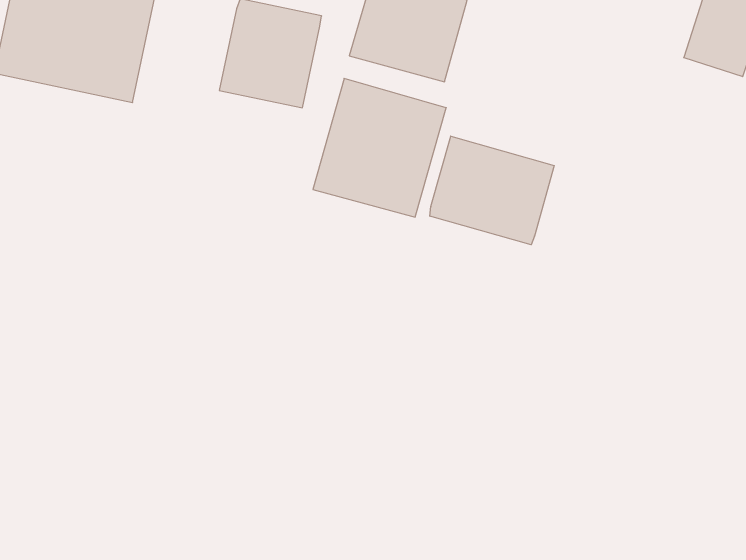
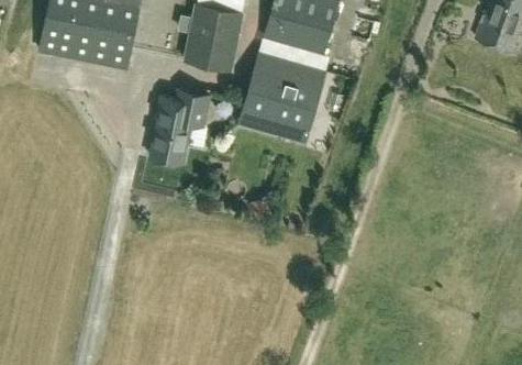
building: [430,136,554,245] -> none
building: none -> [148,93,198,163]

